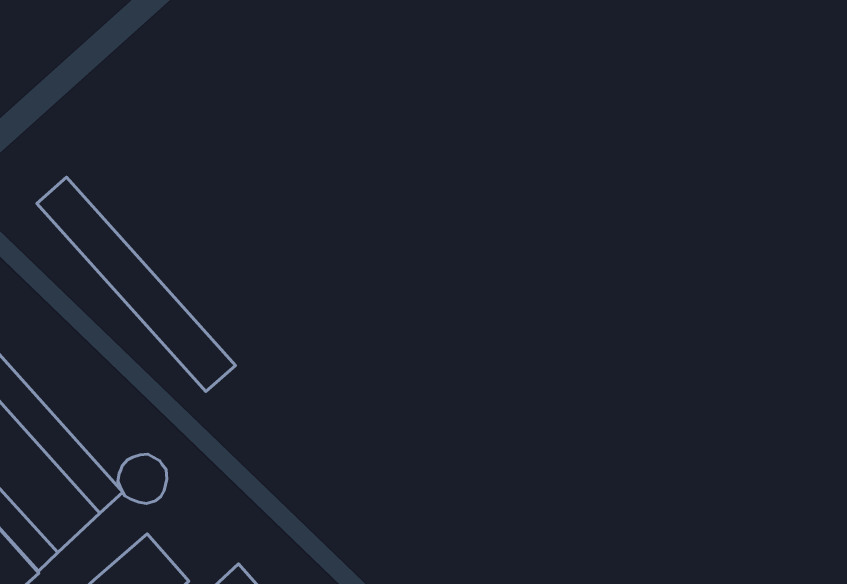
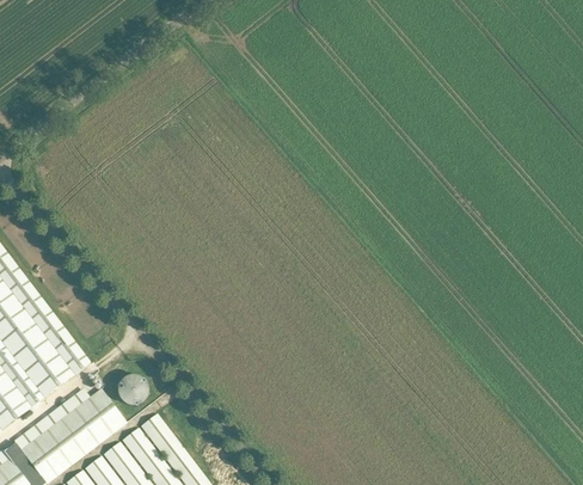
building: [37,177,235,392] -> none
building: [118,454,167,503] -> [116,375,147,406]

